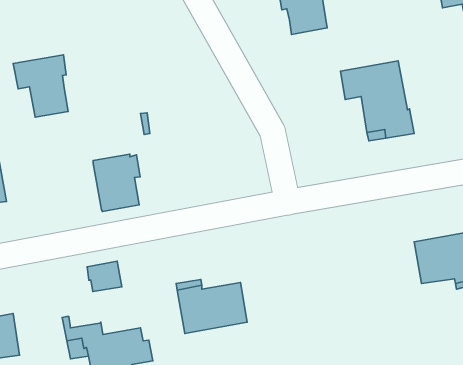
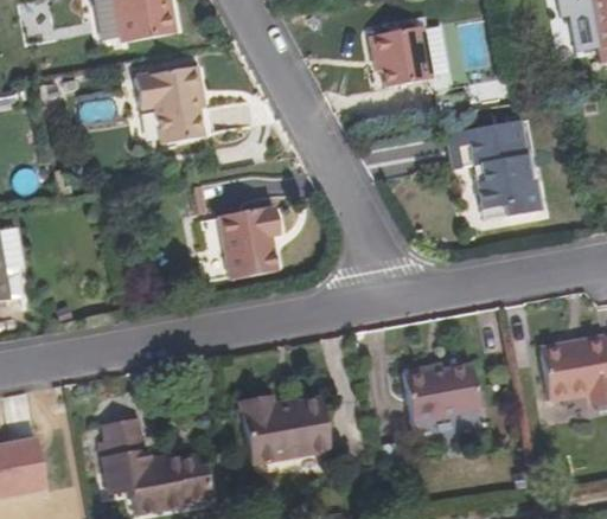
building: [13,55,68,117] -> [135,66,204,145]
building: [93,154,140,212] -> [221,206,280,278]
building: none -> [404,364,480,419]
building: [87,261,122,291] -> [102,417,146,455]

